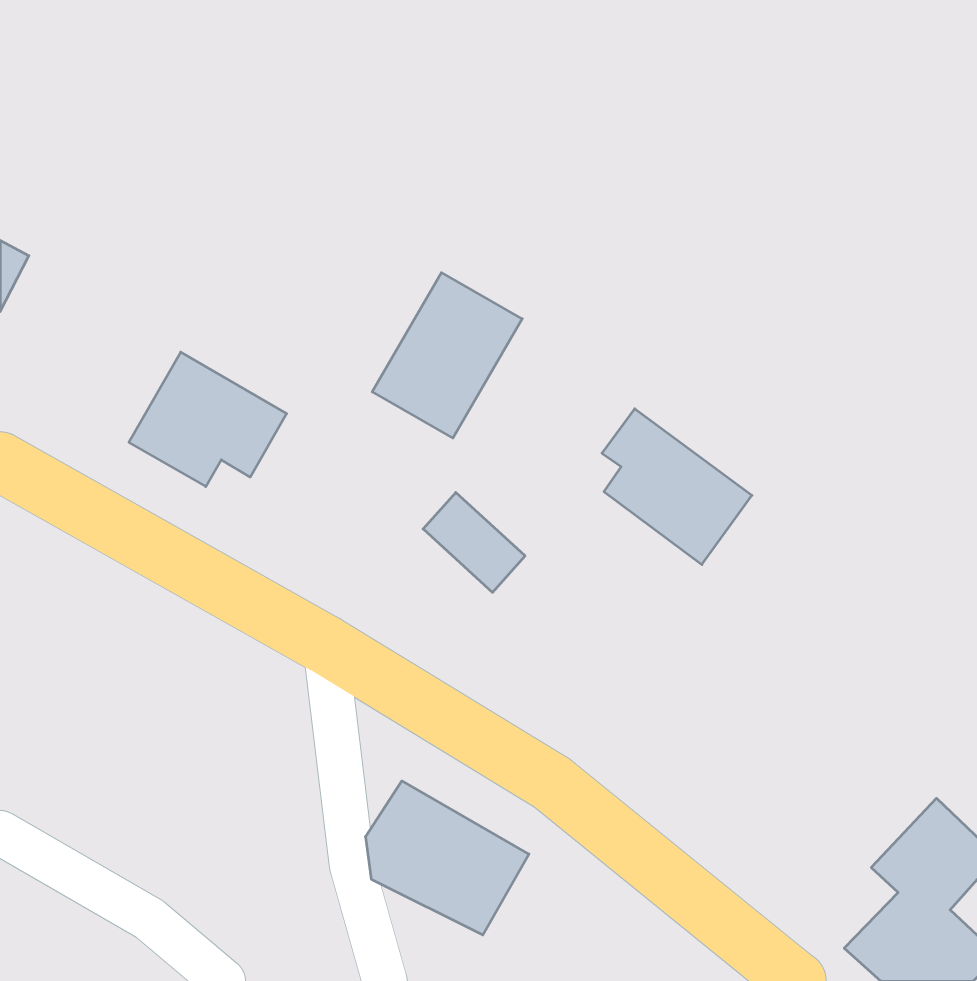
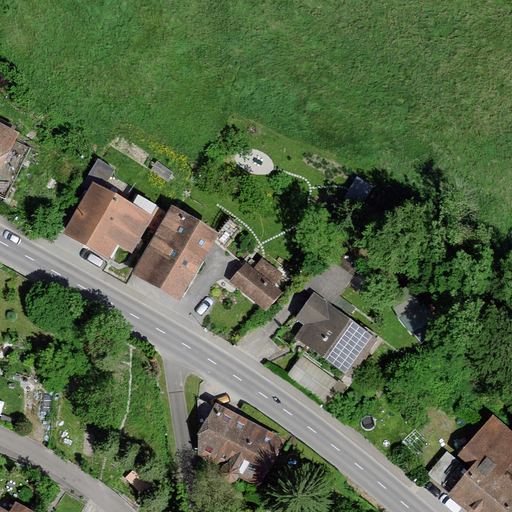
building: [372,273,522,438] -> [141,209,219,295]
building: [602,409,752,565] -> [301,294,379,375]

